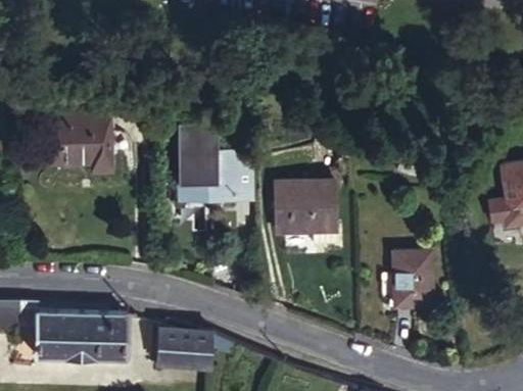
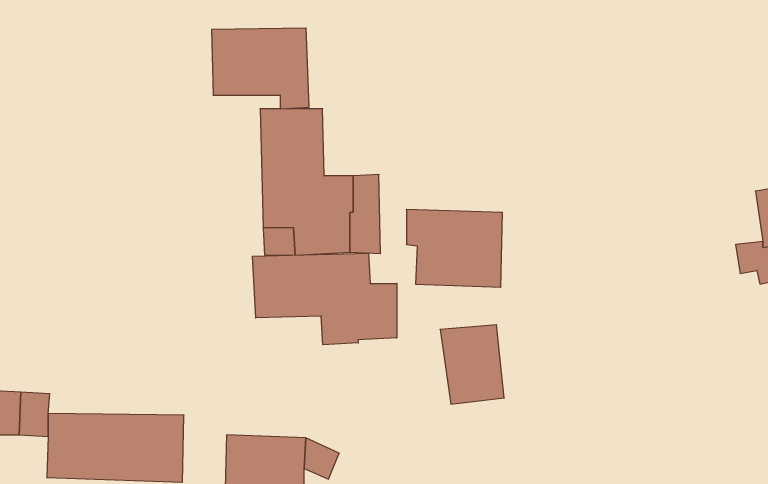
building: [45,115,110,169] -> [212,28,309,109]
building: none -> [253,253,397,345]
building: [387,248,430,301] -> [440,325,504,404]

